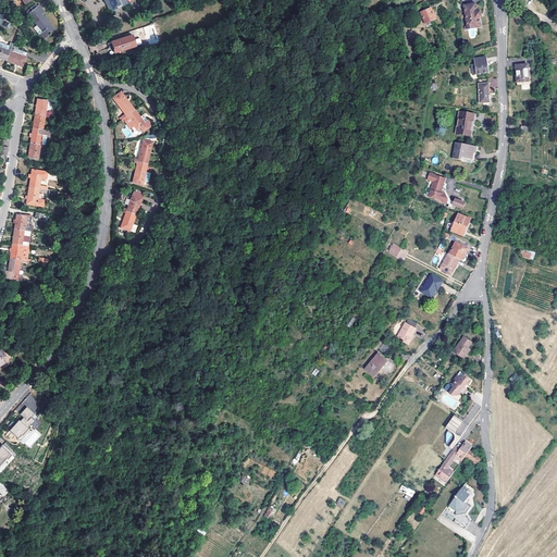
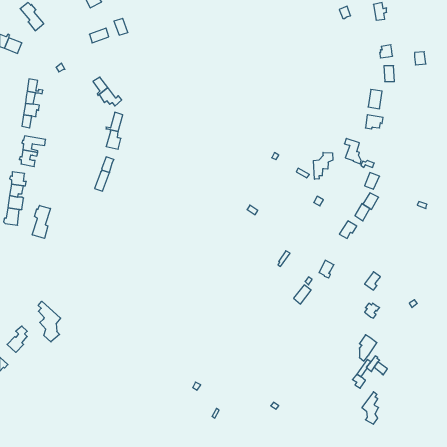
building: none -> [313,152,333,179]
building: none -> [32,205,50,238]
building: none -> [38,301,61,342]

